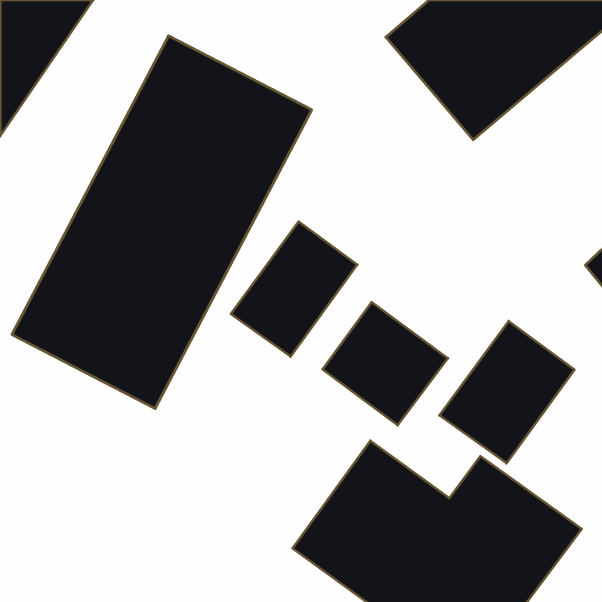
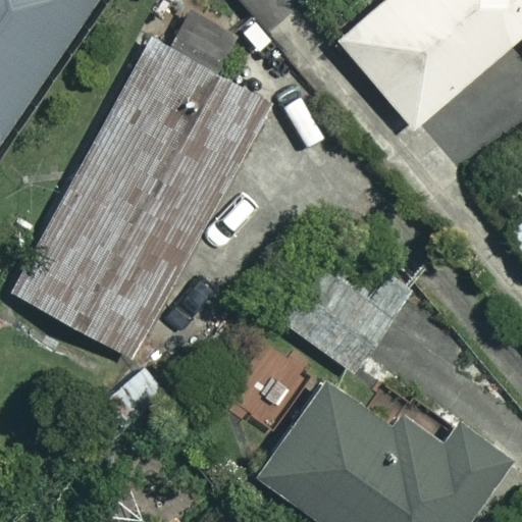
building: [231,222,357,357] -> none
building: [439,321,574,463] -> none

